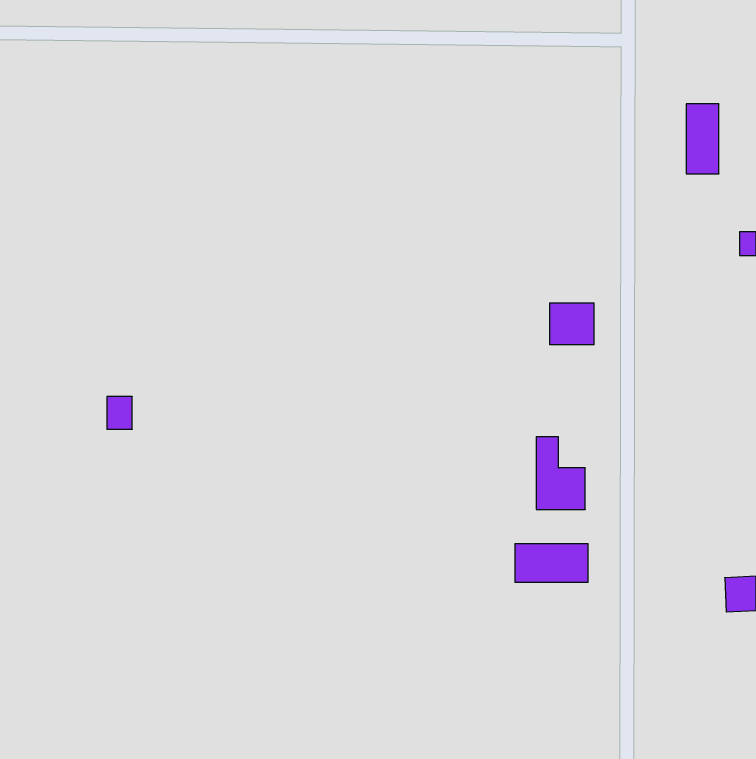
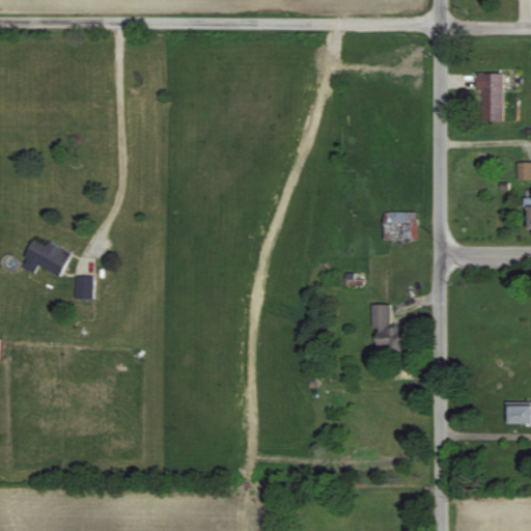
building: none -> [20,236,69,276]
building: [515,544,588,582] -> none

